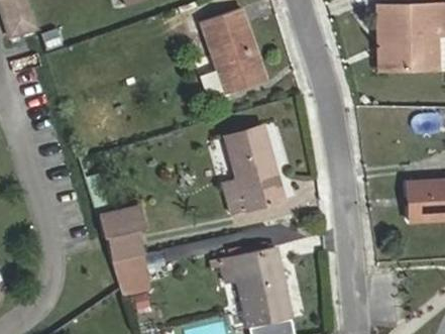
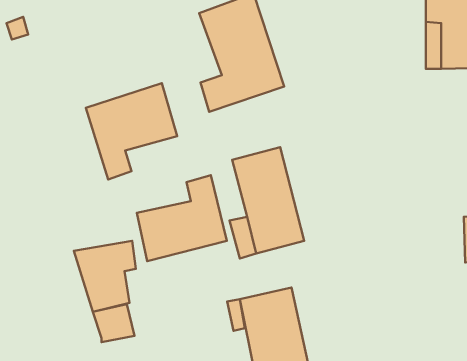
building: none -> [86,83,177,179]
building: none -> [137,175,227,261]

